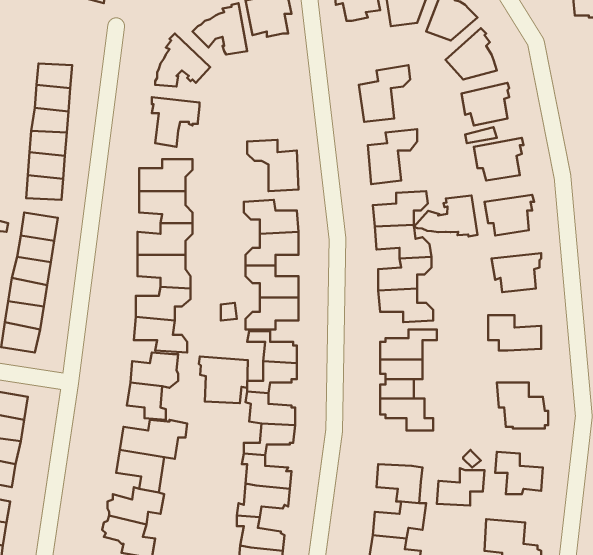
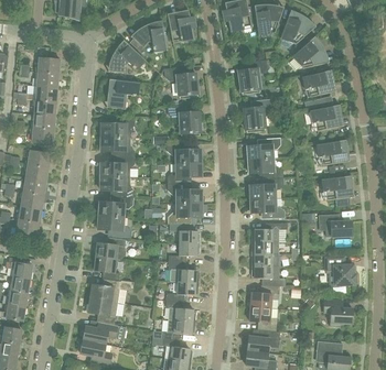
building: none -> [165,66,199,98]
building: [414,195,478,236] -> none
building: [199,357,248,403] -> none
building: [437,468,484,506] -> [250,284,280,307]

